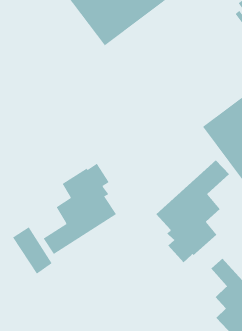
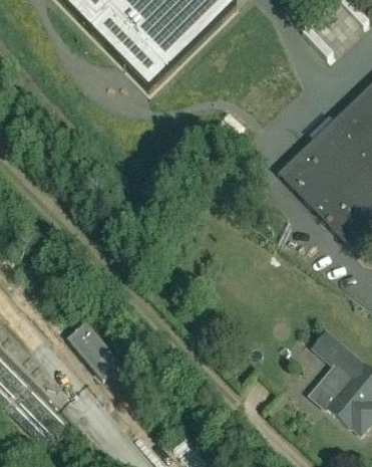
building: [155,159,230,263] -> none
building: [43,163,117,255] -> none

